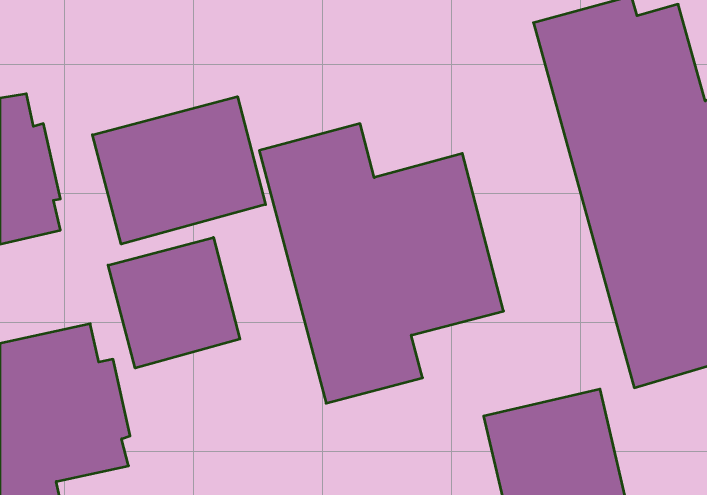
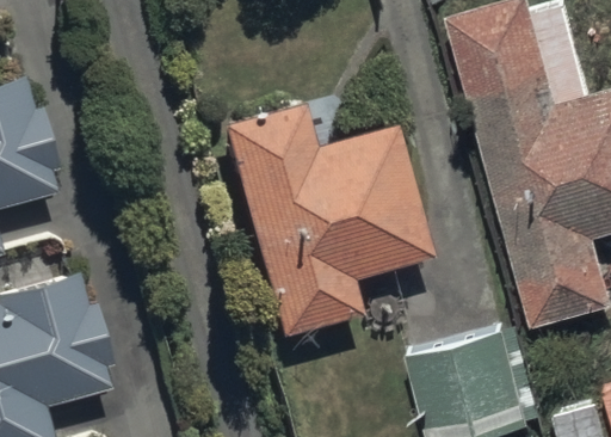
building: [92,97,266,244] -> none
building: [108,237,240,368] -> none

